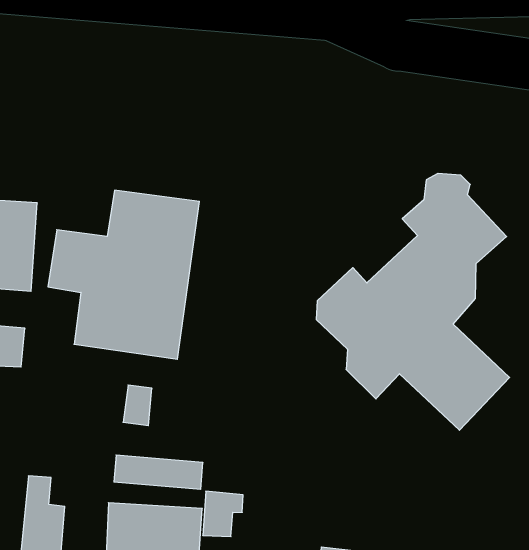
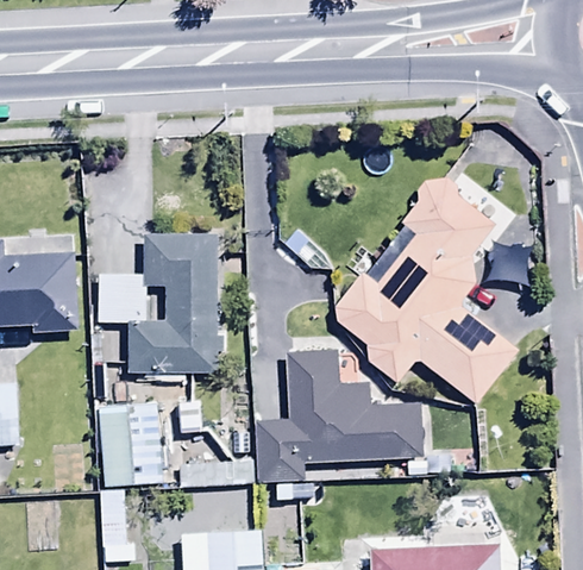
building: none -> [255,352,422,483]
building: none -> [99,381,165,461]

